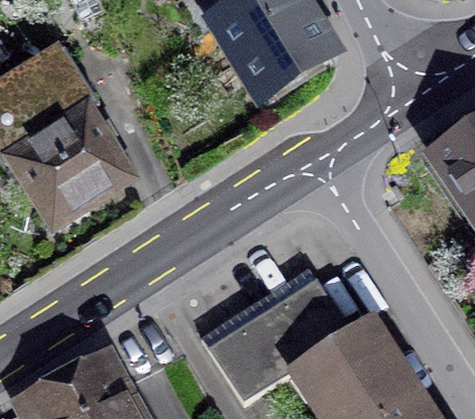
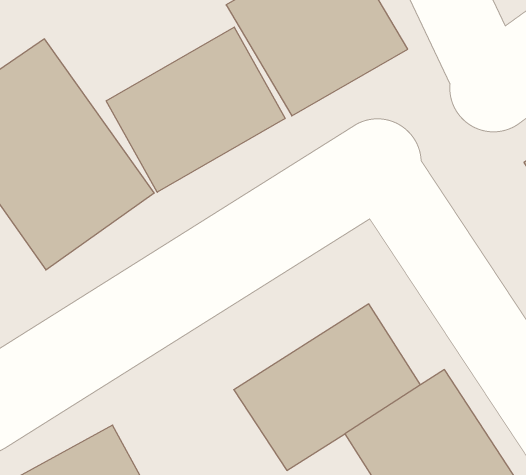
building: none -> [106,27,285,192]

